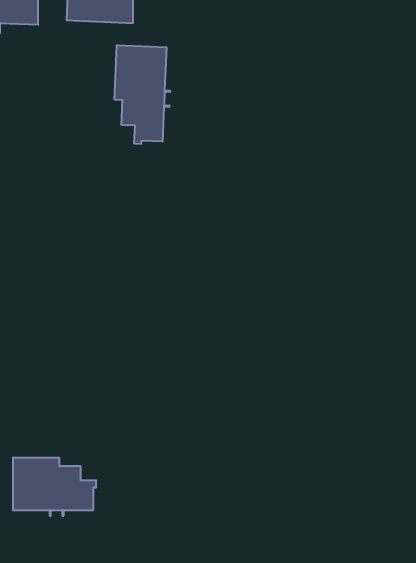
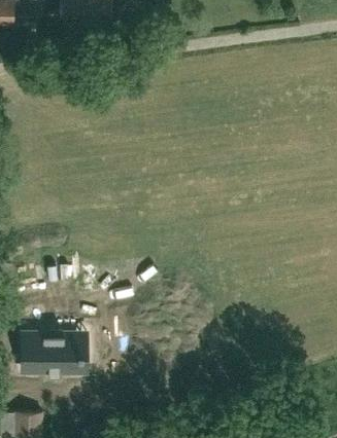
building: [115,45,170,144] -> none

